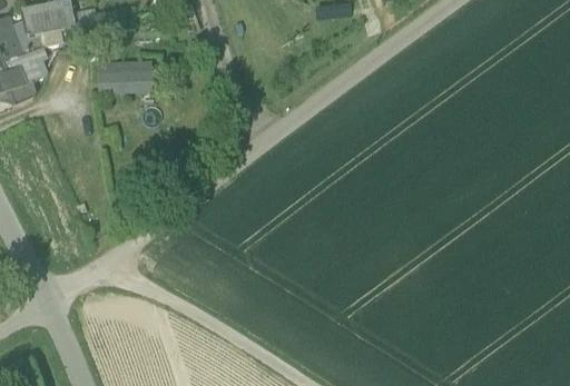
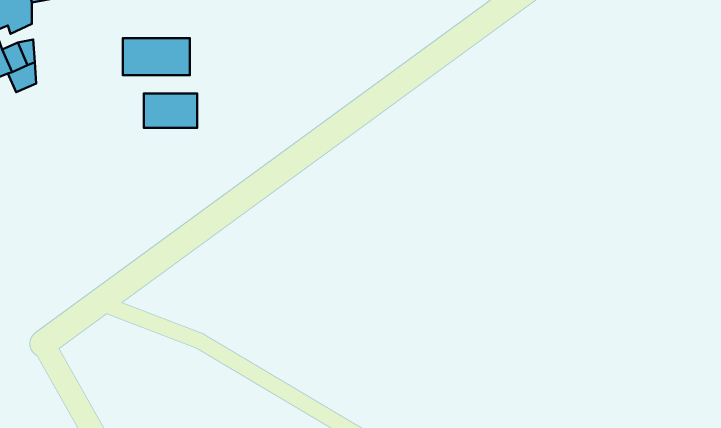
building: none -> [144,93,197,128]

